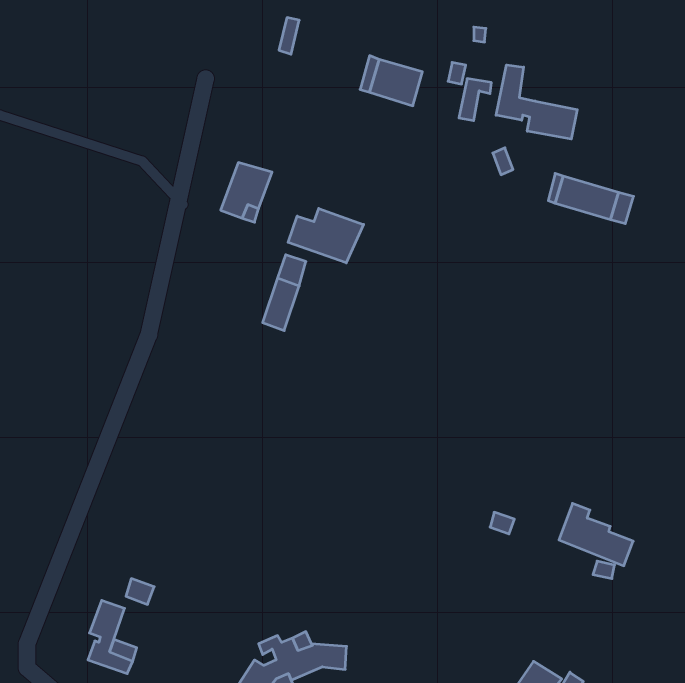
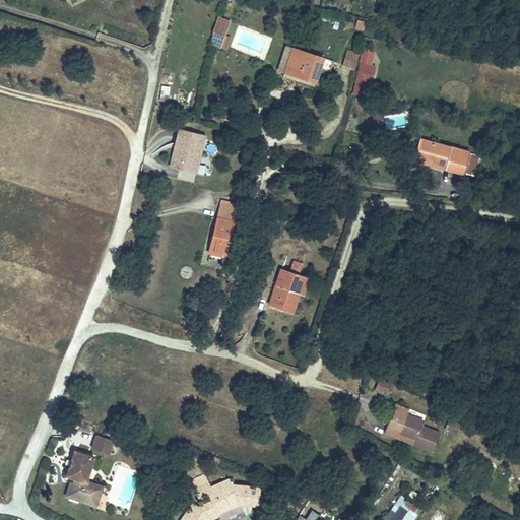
building: [496,65,577,139] -> none
building: [288,208,364,263] -> none
building: none -> [266,270,305,312]
building: [559,503,633,566] -> [385,404,441,451]

